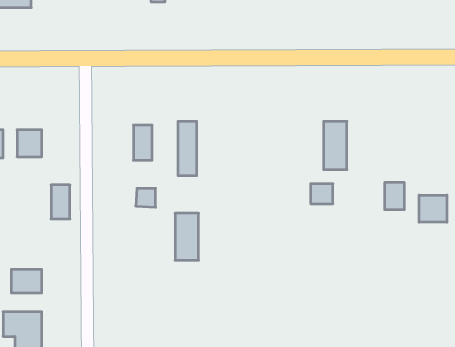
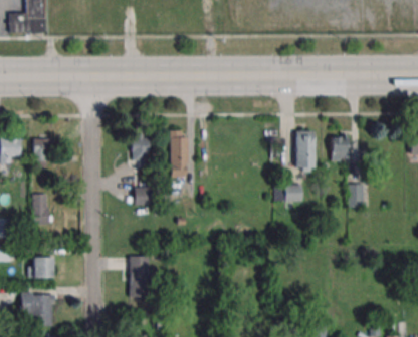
building: none -> [331,134,351,159]
building: [51,185,70,219] -> [33,194,49,223]
building: [419,195,447,222] -> none
building: [175,213,199,260] -> [129,256,149,296]

